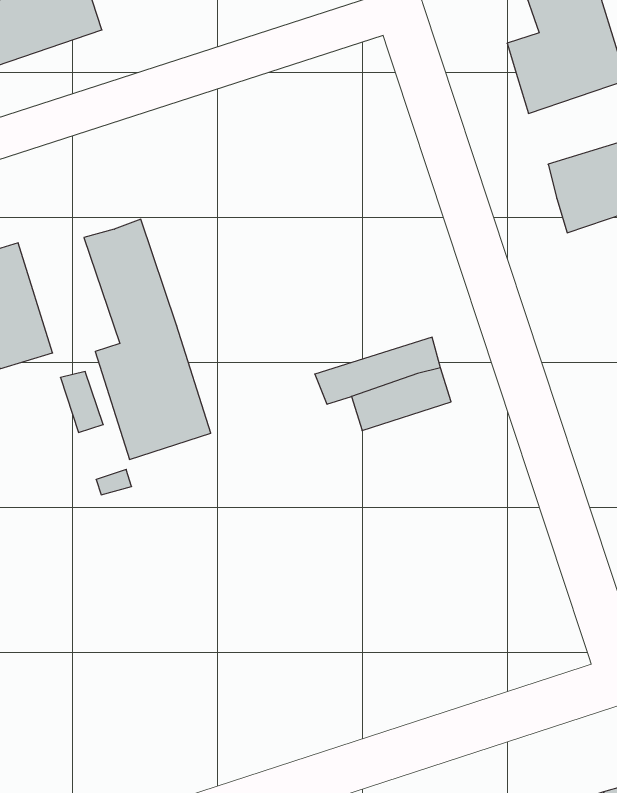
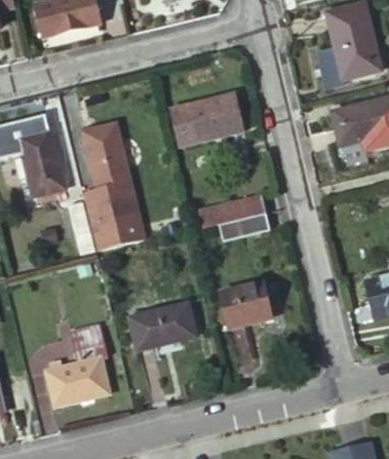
building: none -> [172,95,241,146]
building: none -> [217,282,272,330]
building: none -> [132,310,195,350]
building: none -> [45,329,108,407]

